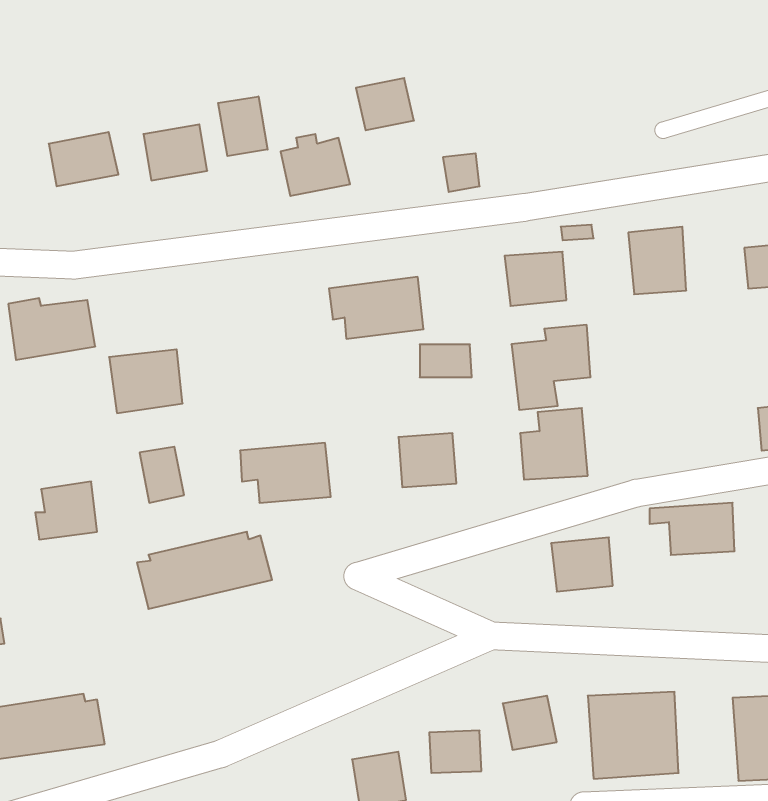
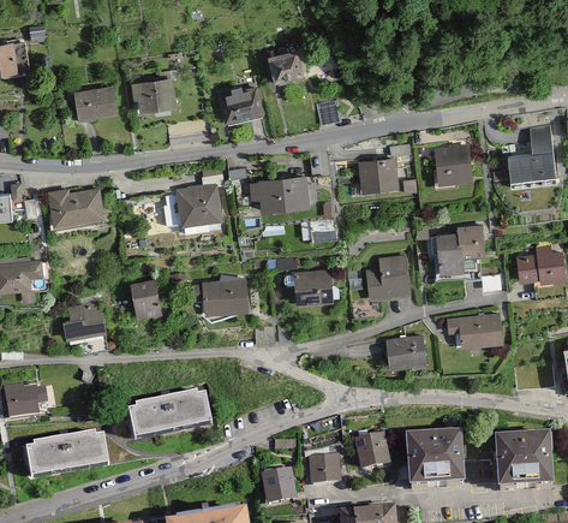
building: [218,96,268,156] -> none
building: [511,325,591,410] -> [435,224,484,277]
building: [109,349,183,413] -> [175,184,221,224]
building: [137,532,272,609] -> [130,391,214,439]

